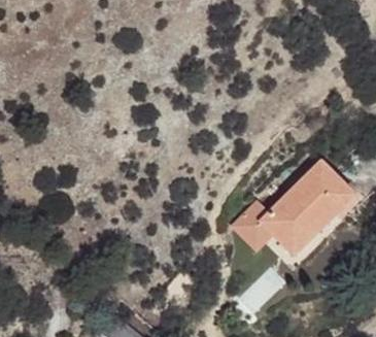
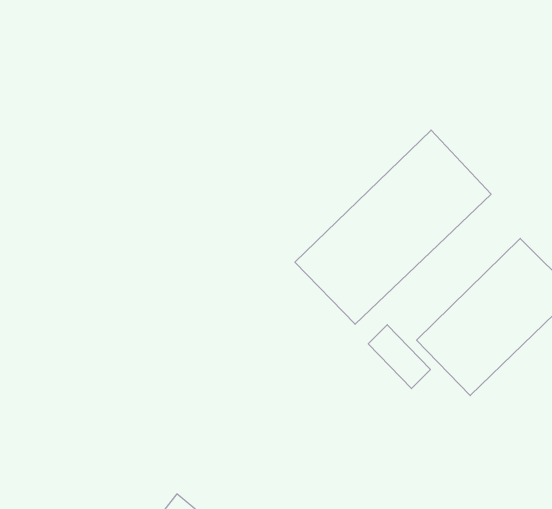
building: none -> [295,130,491,324]

